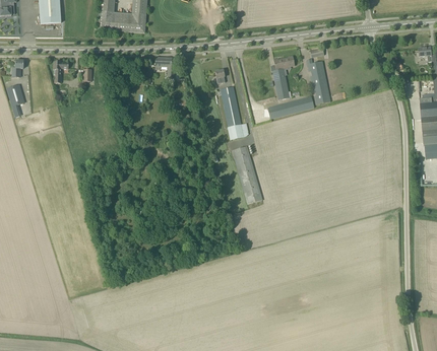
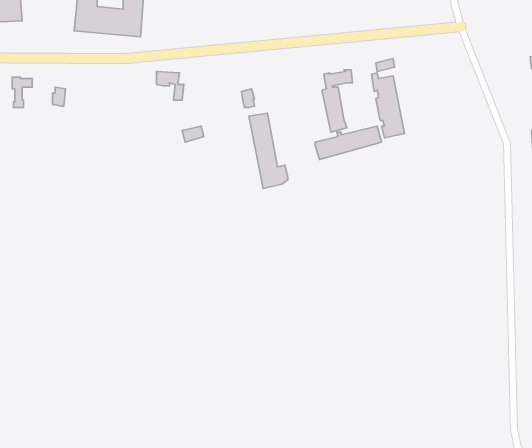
building: [232,145,262,204] -> none

